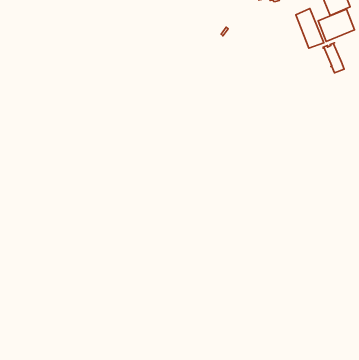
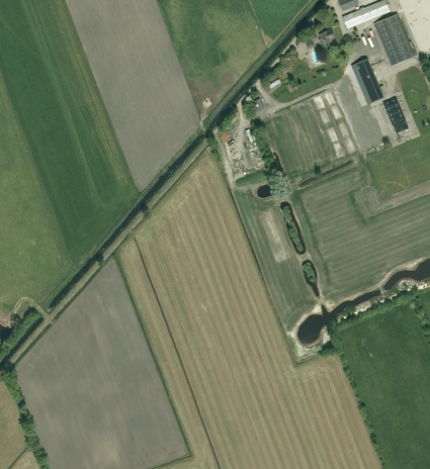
building: [318,9,355,41] -> none

